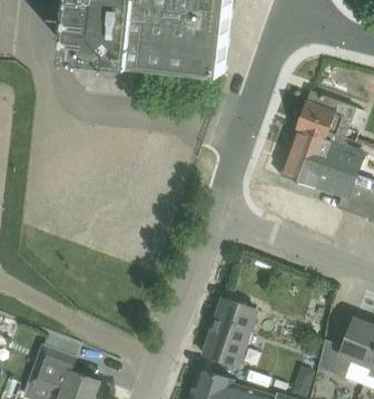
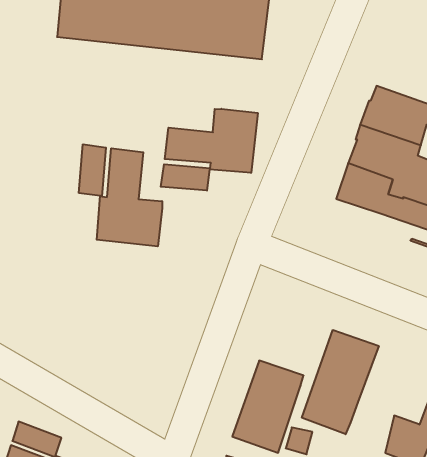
building: none -> [161,109,258,191]
building: none -> [79,144,162,246]
building: none -> [302,330,379,434]

